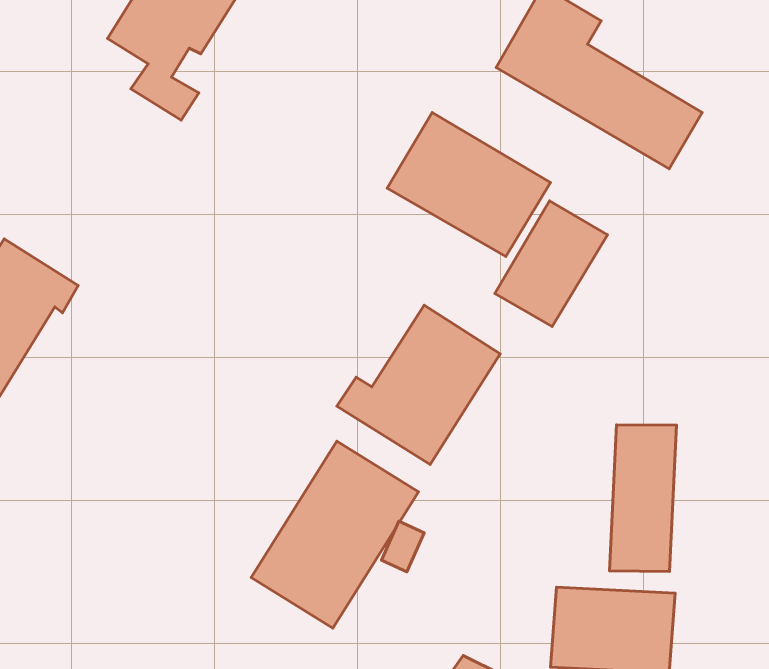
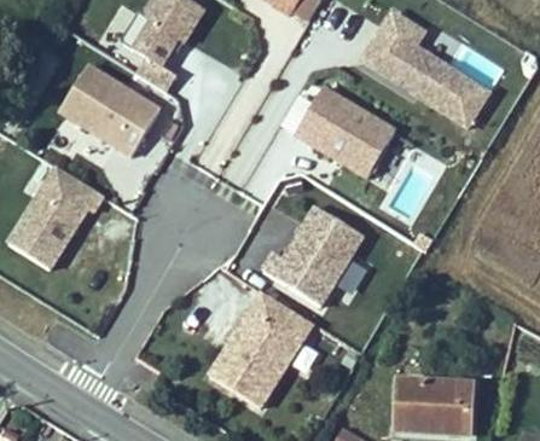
building: none -> [59,64,159,156]
building: [495,201,607,326] -> none
building: [609,425,677,572] -> none

